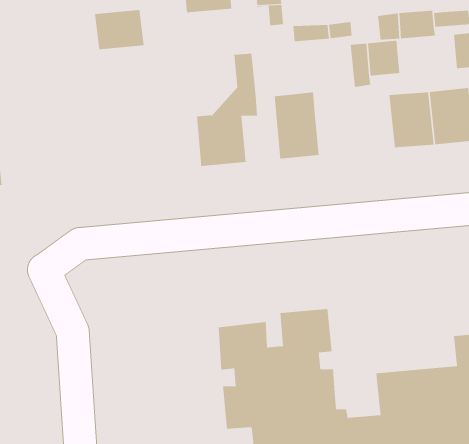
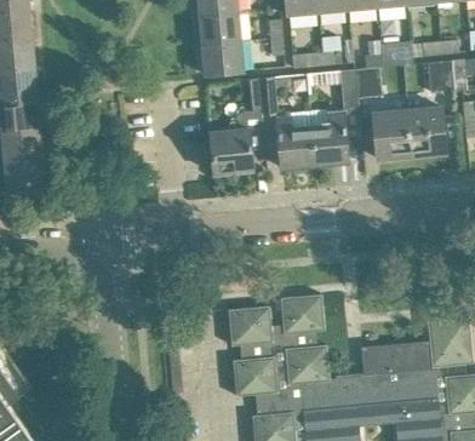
building: [94,10,144,50] -> [201,41,244,75]
building: none -> [257,76,290,115]
building: none -> [310,113,348,165]

